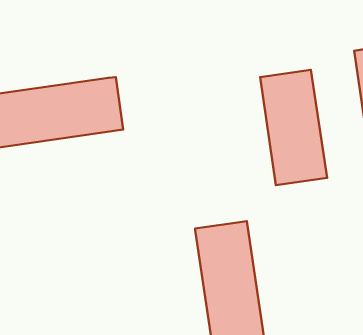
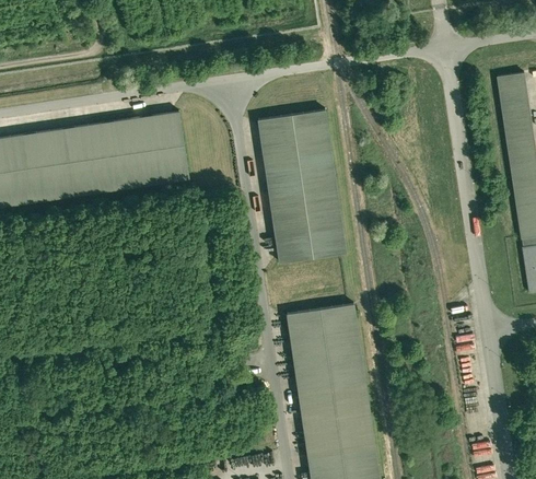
building: [260,70,327,185] -> [258,109,348,264]

